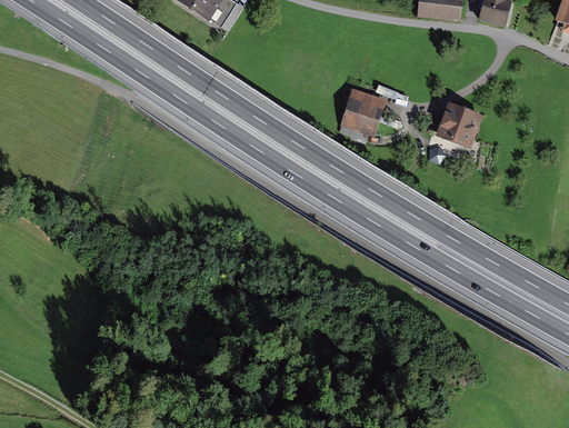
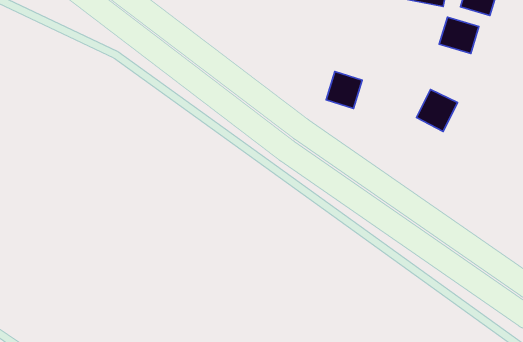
building: none -> [439,17,479,53]

